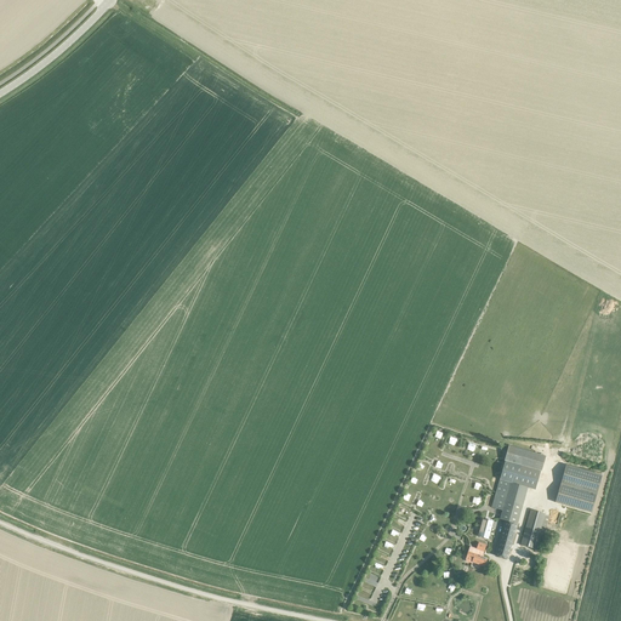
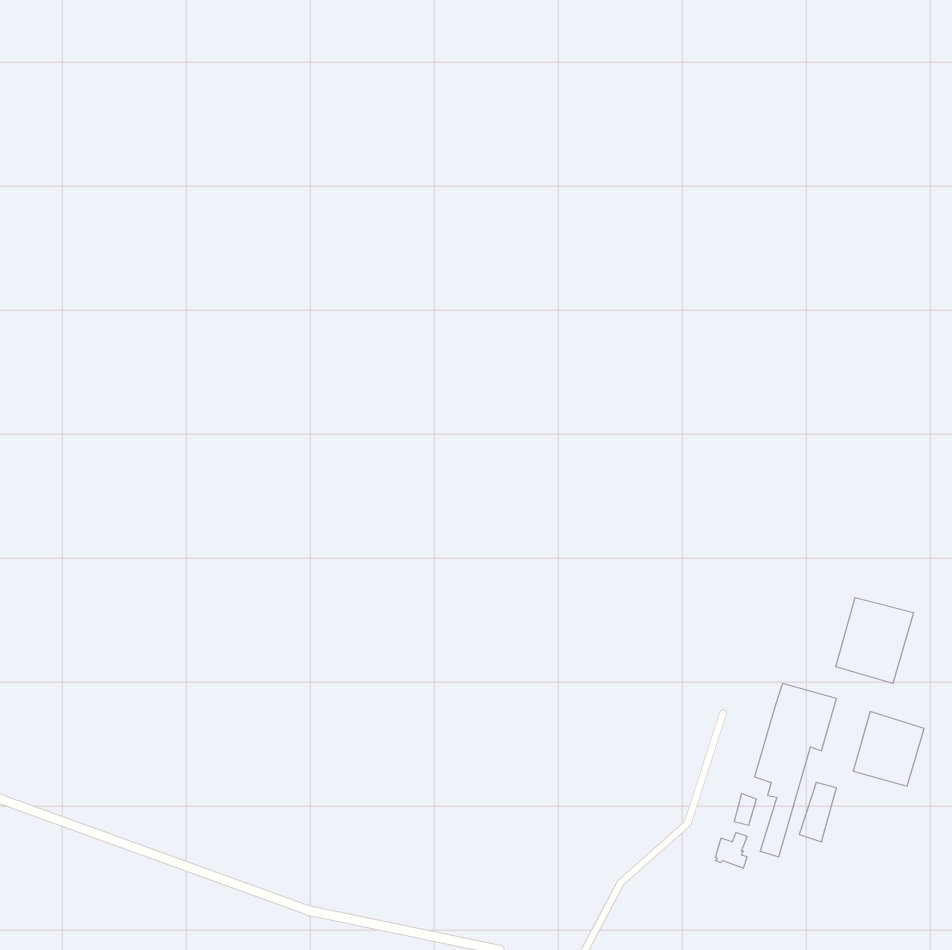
building: none -> [836,598,913,684]

